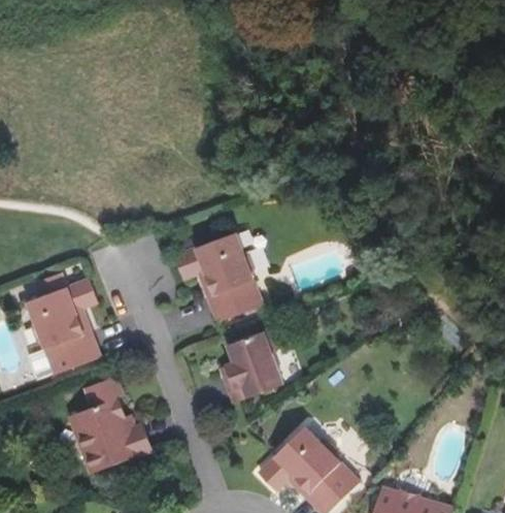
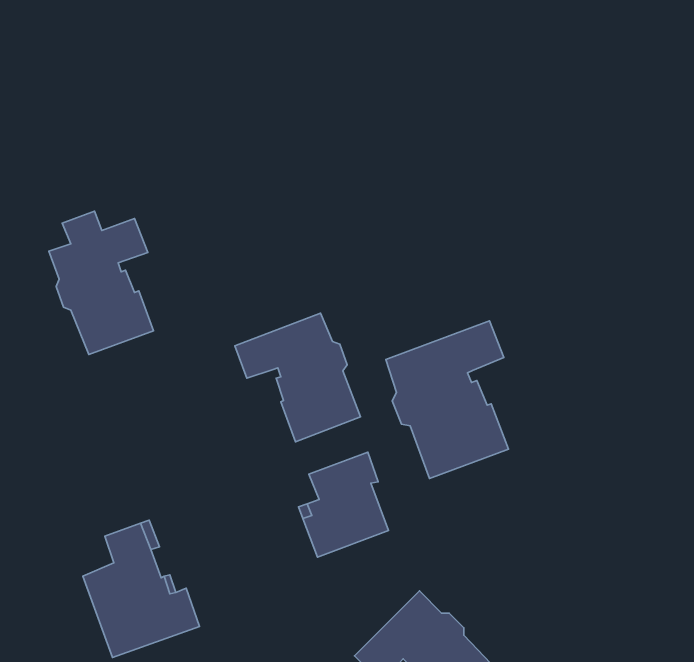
building: none -> [386,321,508,478]
building: [27,274,100,374] -> [49,211,154,355]

